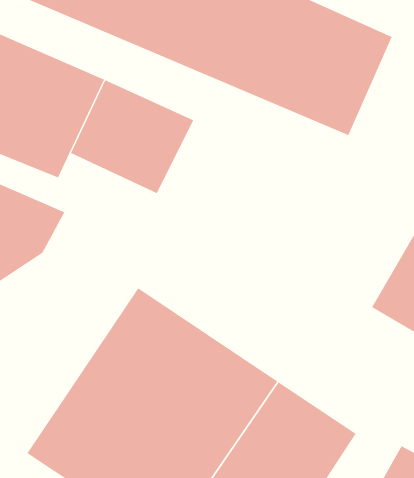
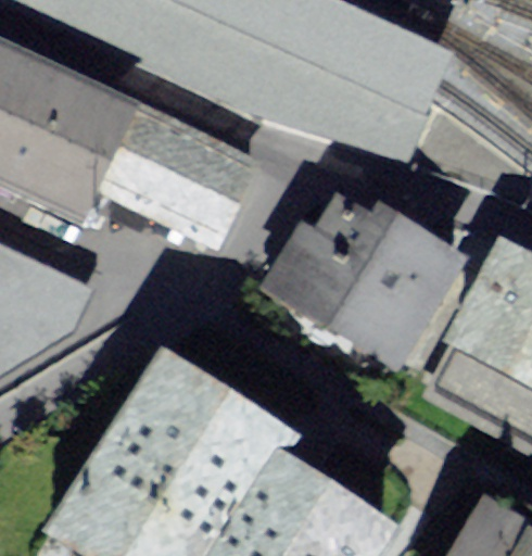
building: none -> [262,192,461,368]

